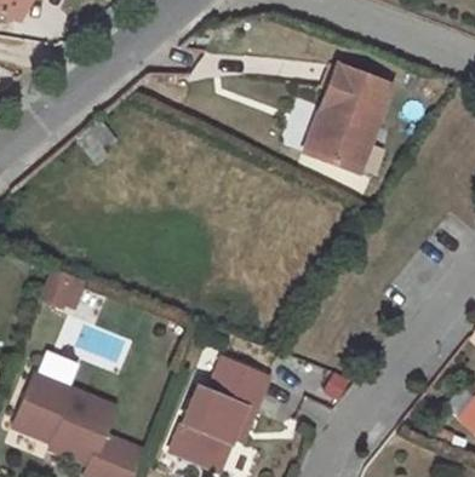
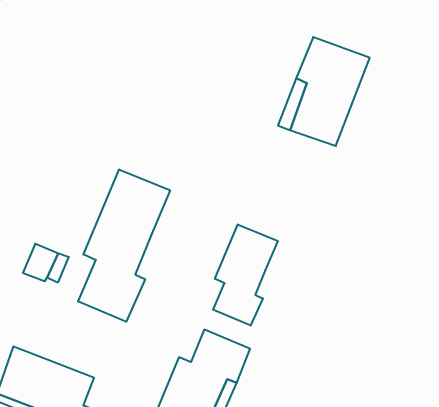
building: none -> [78,169,170,322]
building: none -> [213,224,278,326]

